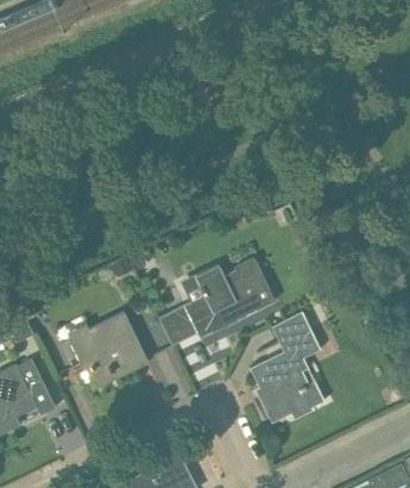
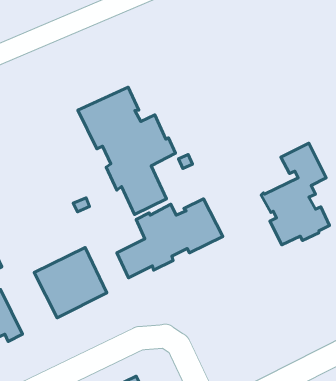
building: none -> [78,87,176,214]
building: [248,312,323,424] -> [261,143,330,245]

